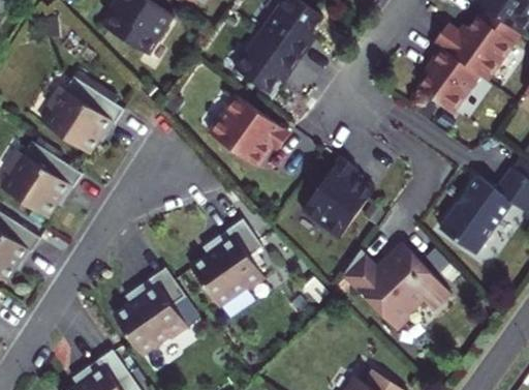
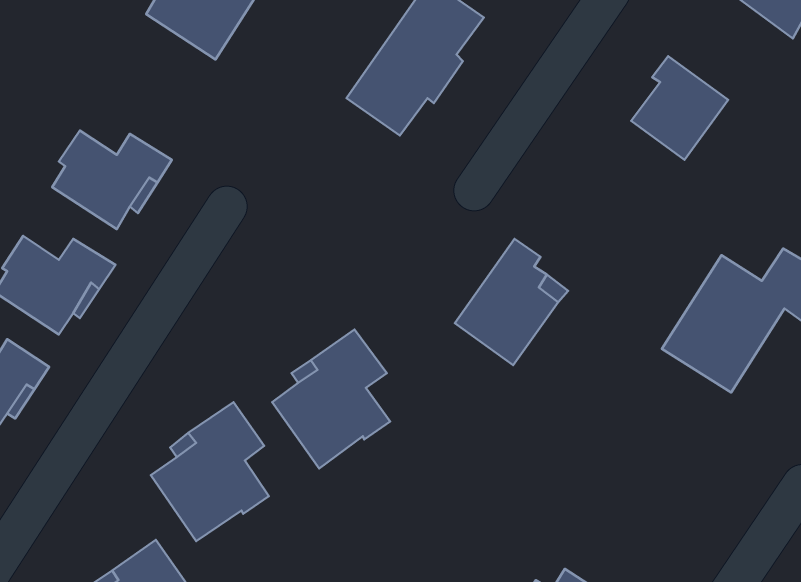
building: [434,12,515,76] -> none
building: [205,92,285,159] -> none
building: [348,243,457,332] -> none

